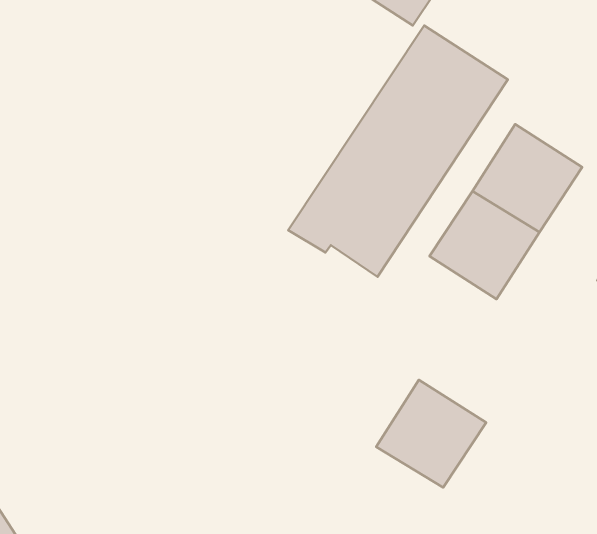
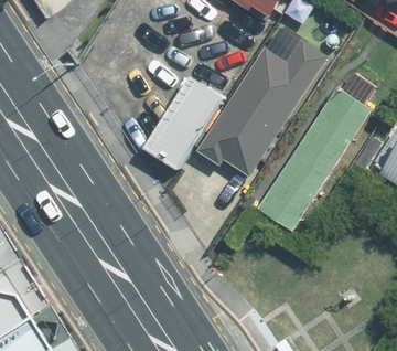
building: none -> [147,79,222,171]
building: [376,380,486,488] -> [256,164,321,228]

